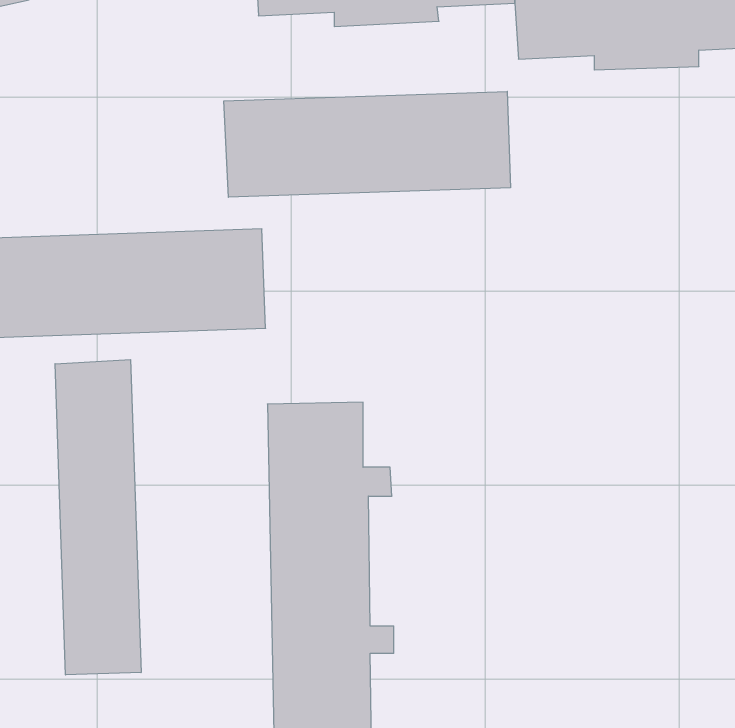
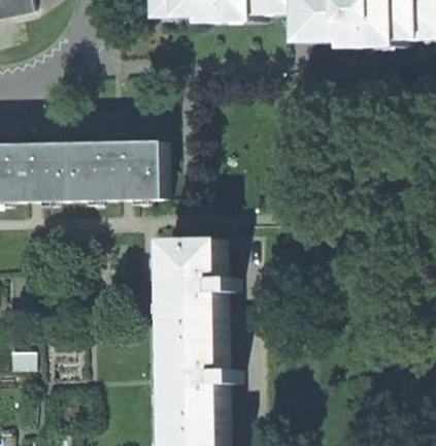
building: [224,91,510,197] -> none
building: [55,360,141,675] -> none

